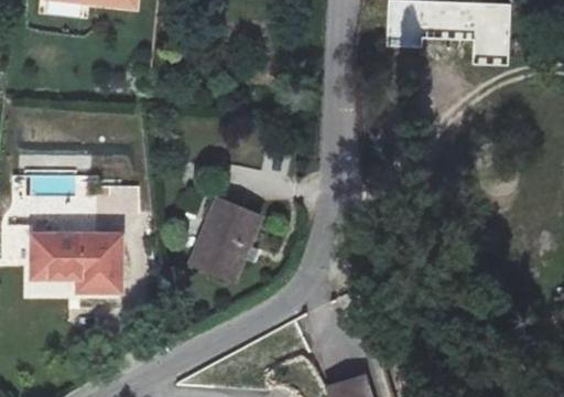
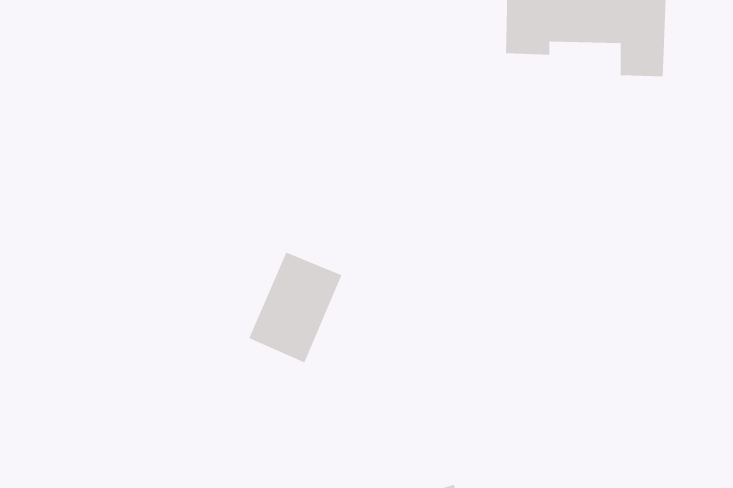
building: [33,233,122,286] -> none

